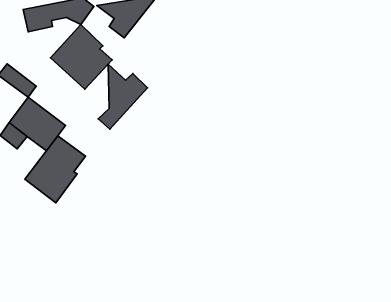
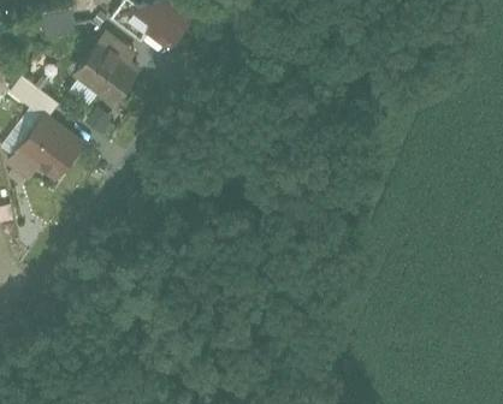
building: [98,64,148,129] -> none
building: [25,136,86,203] -> none

